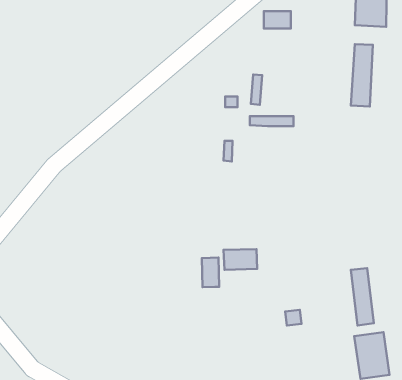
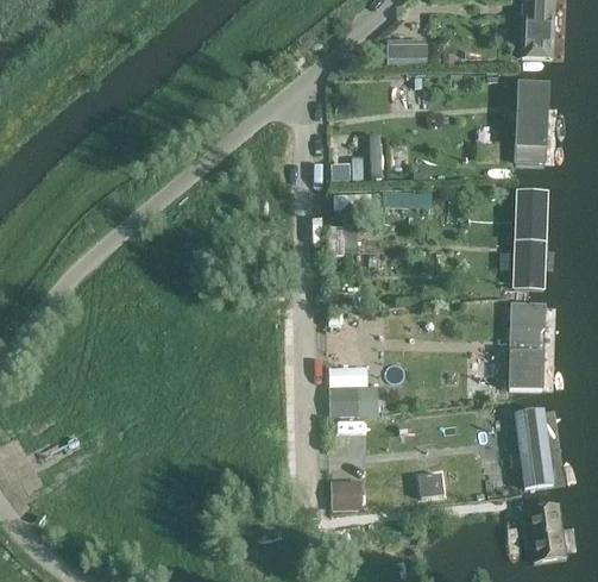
building: none -> [511,189,547,290]
building: none -> [509,303,558,393]
building: [202,258,219,287] -> none
building: none -> [332,476,361,506]

